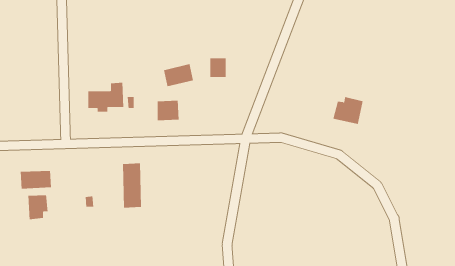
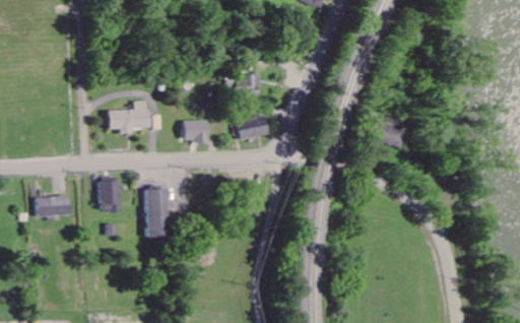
building: [163,63,194,87] -> [237,115,270,140]
building: none -> [99,181,120,211]
building: [28,194,48,220] -> none

